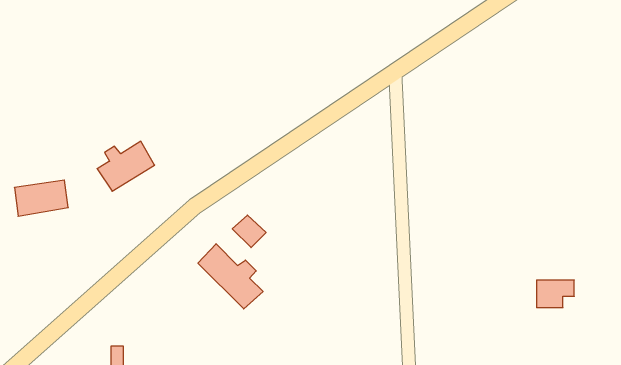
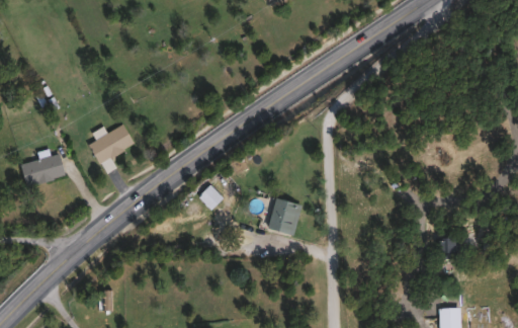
building: none -> [267,198,303,236]
building: [198,244,263,309] -> none

